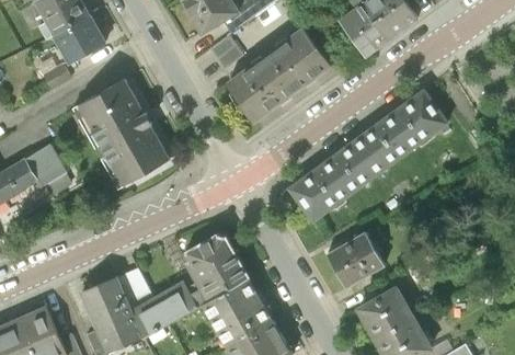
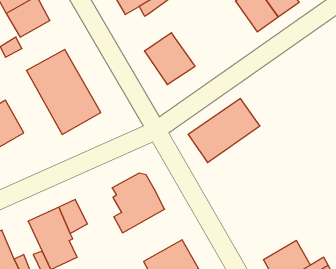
building: [210,34,244,68] -> none
building: [259,34,322,100] -> none
building: [345,88,442,174] -> none
building: [327,232,386,288] -> none
building: [202,278,272,344] -> none
building: [130,280,197,339] -> none
building: [356,286,415,342] -> none

